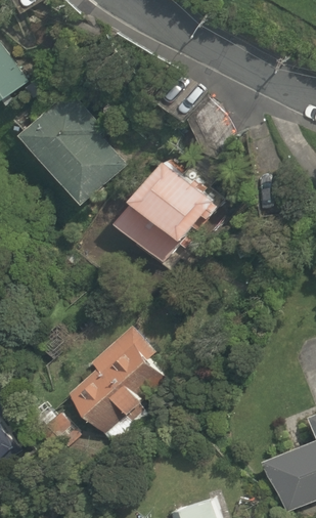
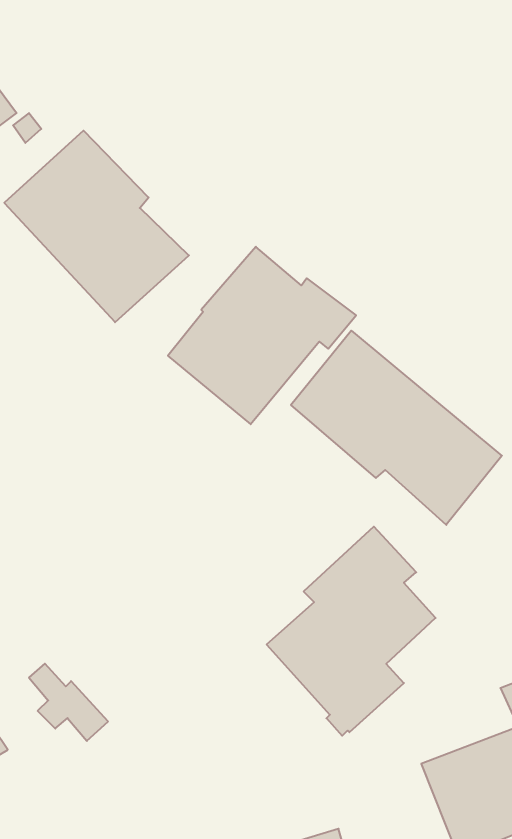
building: none -> [291,331,502,525]
building: [67,327,166,448] -> [267,527,436,736]

